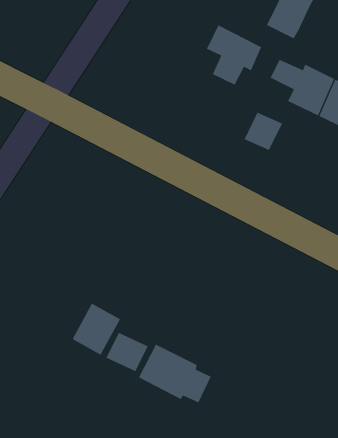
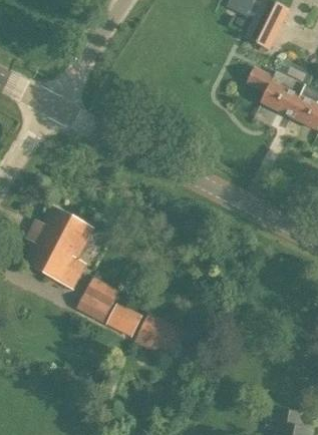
building: [206,24,262,85] -> none
building: [244,112,283,151] -> none
building: none -> [24,207,92,288]

